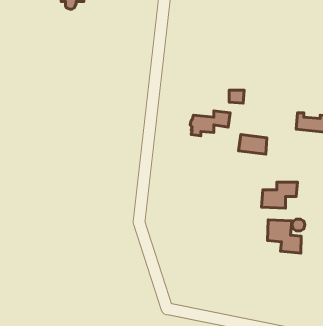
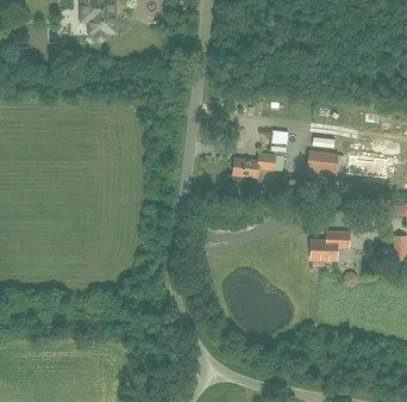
building: [239,135,267,154] -> [306,150,337,172]
building: [268,220,301,253] -> none

